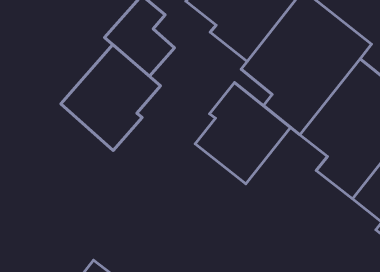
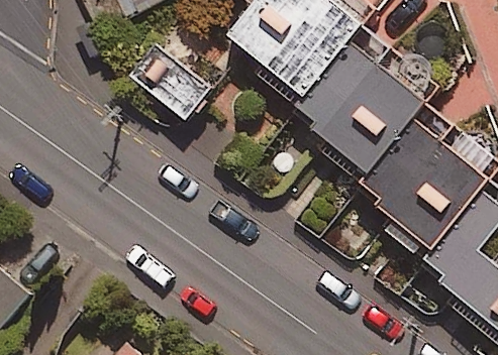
building: [61,44,160,150] -> none
building: [195,82,291,184] -> none

